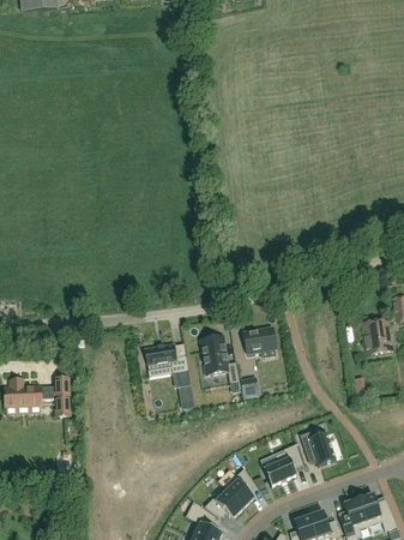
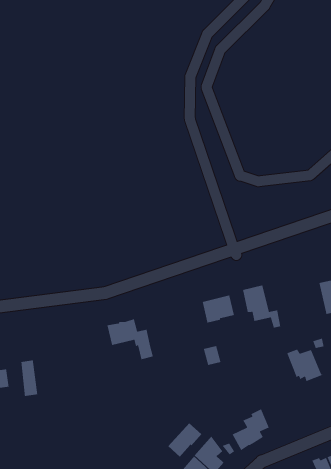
building: [200,337,237,383] -> [242,284,281,329]
building: [299,432,336,467] -> [286,348,324,382]
building: none -> [167,423,202,457]

